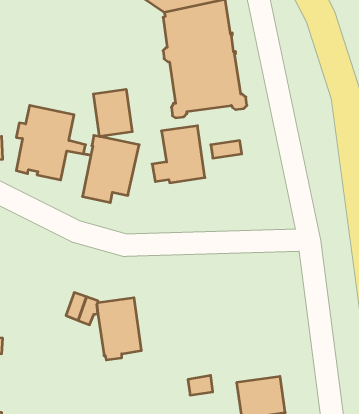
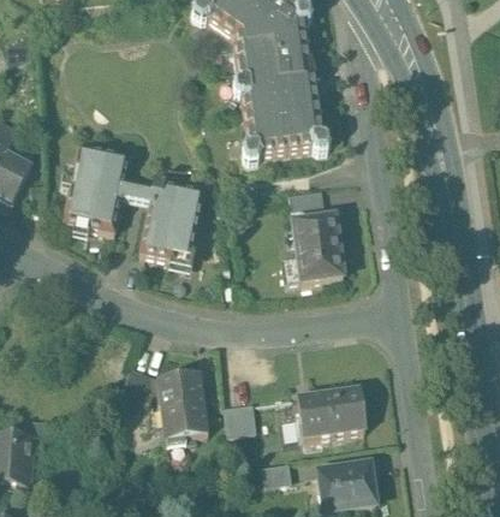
building: [93,89,132,137] -> none
building: [152,126,205,183] -> [281,214,343,280]
building: none -> [297,386,365,438]
building: none -> [225,400,257,433]

